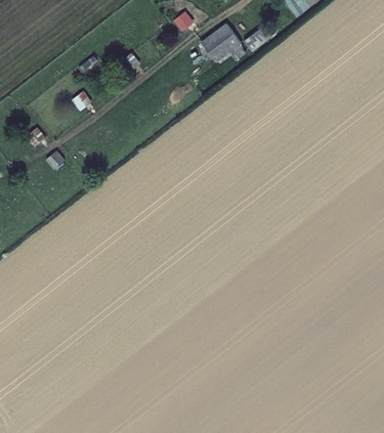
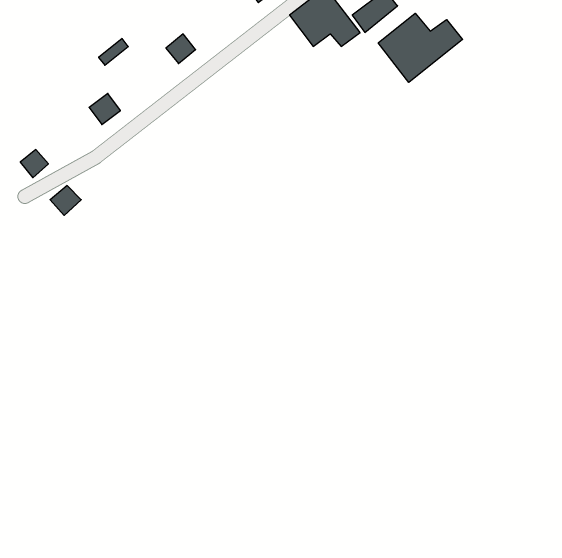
building: none -> [378,13,463,82]

